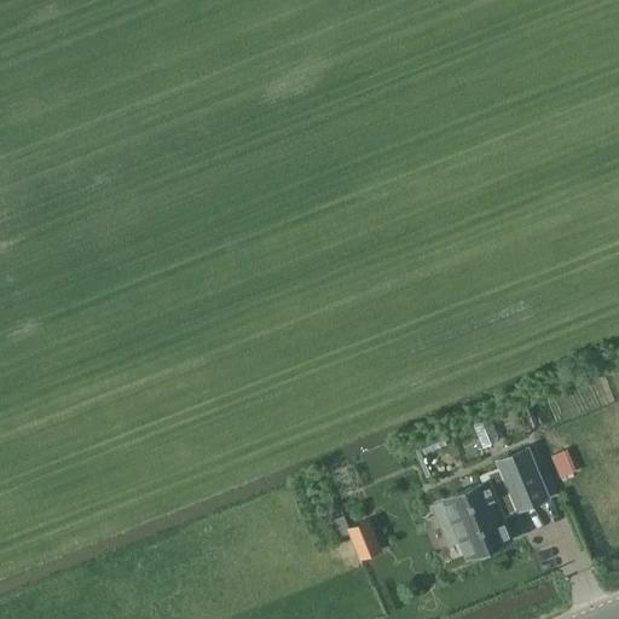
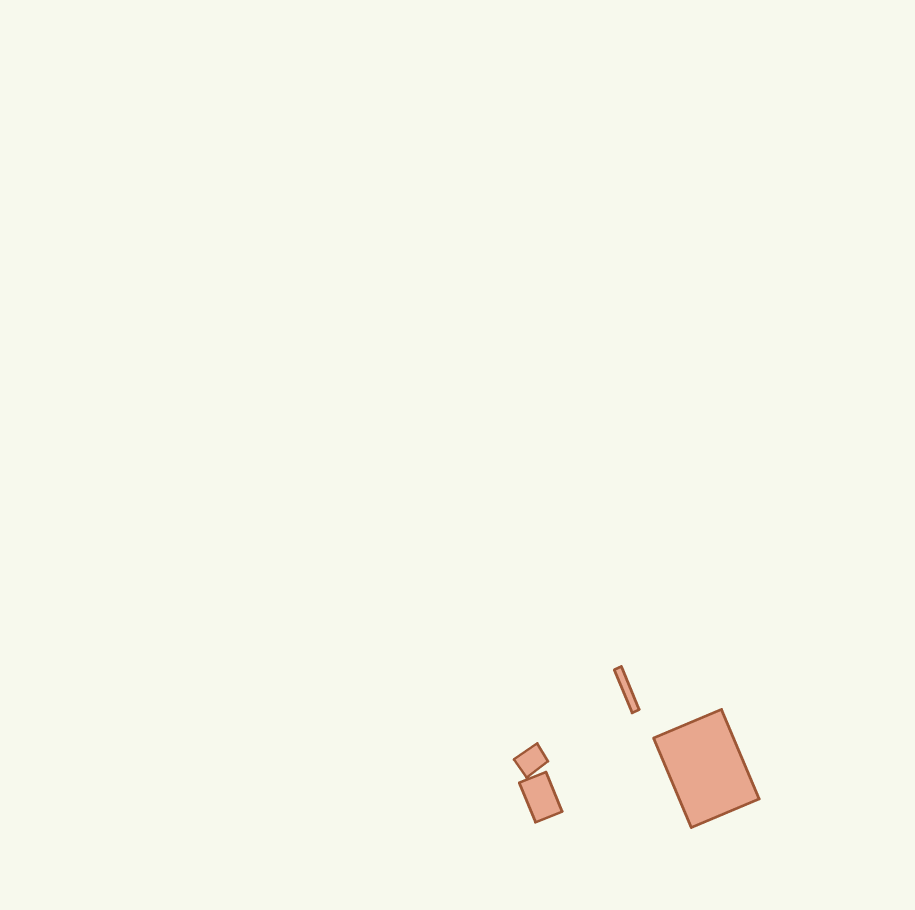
building: [496,449,550,514] -> none

